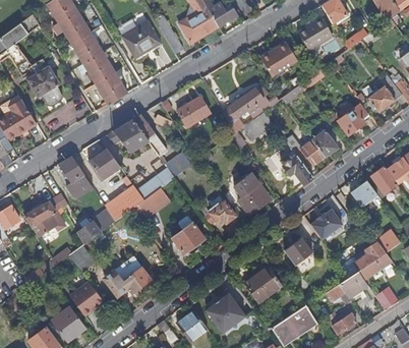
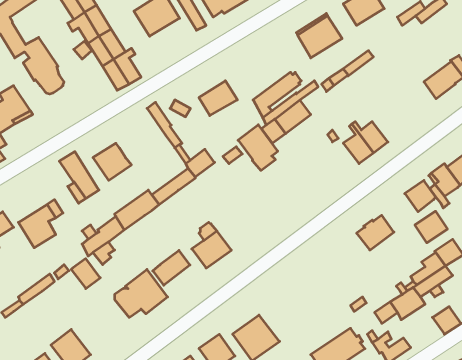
building: [338,103,371,134] -> none
building: [107,119,149,153] -> none
building: [280,156,312,183] -> none
building: [234,173,268,212] -> [238,125,278,170]
building: [137,188,169,218] -> [153,250,190,285]
building: [204,198,236,227] -> none
building: none -> [415,211,447,243]
building: [285,237,313,265] -> none
building: [243,267,280,301] -> none
building: [69,282,105,315] -> none

